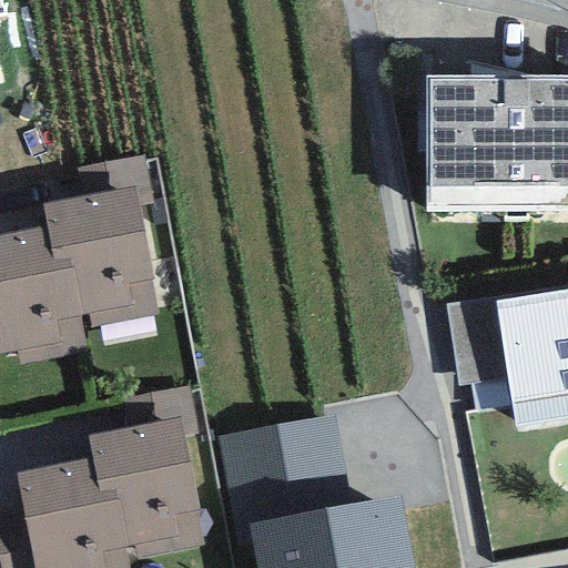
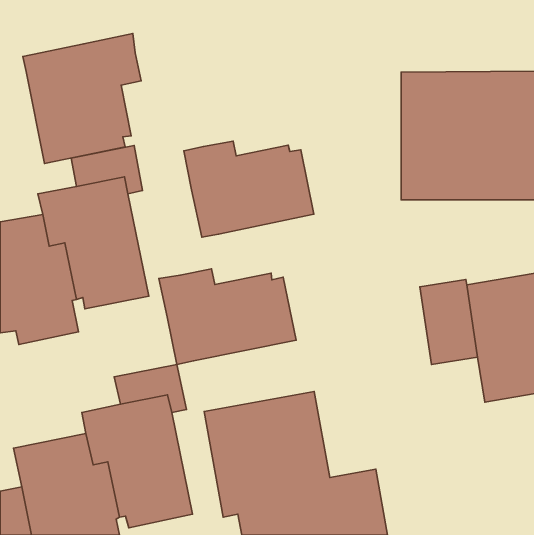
building: none -> [23,34,141,164]
building: none -> [184,141,314,237]
building: none -> [159,269,296,364]

